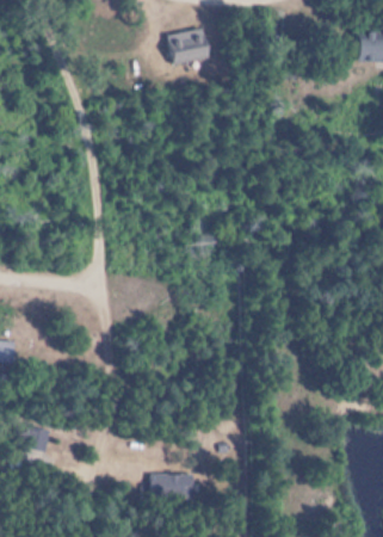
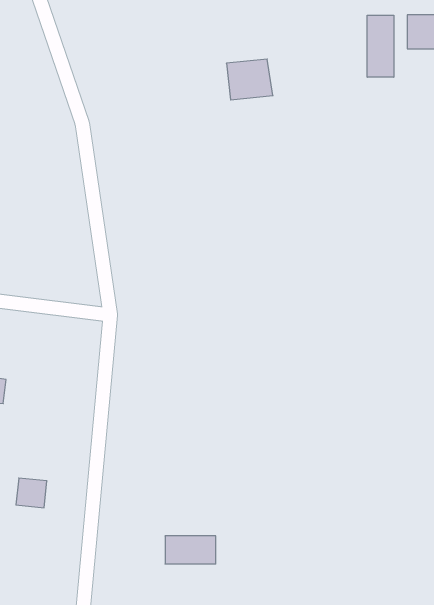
building: [168,29,208,63] -> [226,59,273,100]
building: none -> [367,15,394,77]

